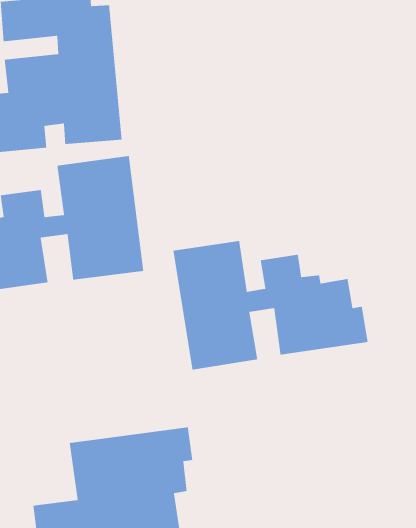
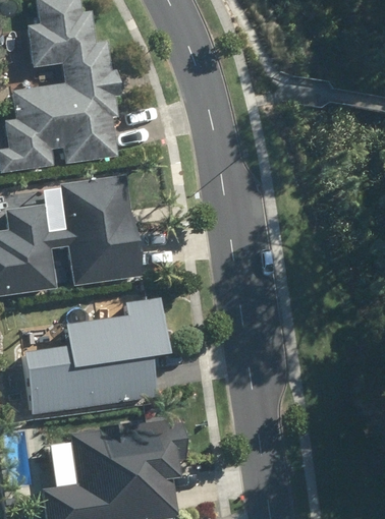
building: [172,240,369,371] -> none
building: none -> [23,299,168,417]

